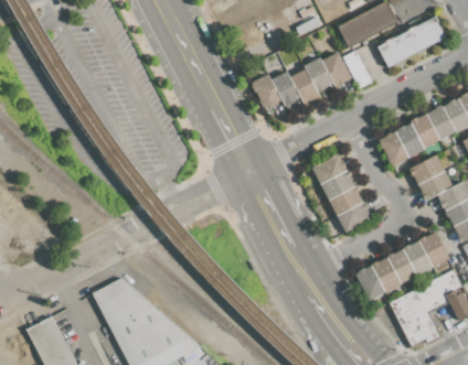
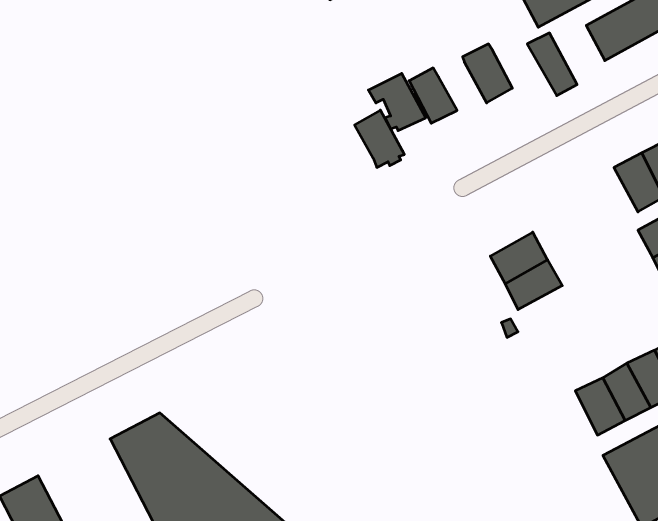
building: [322,52,352,87] -> none
building: [290,68,320,103] -> [355,110,404,167]
building: [380,131,410,165] -> none
building: [312,153,347,184] -> none
building: [338,202,372,232] -> none
building: [357,265,385,300] -> none

